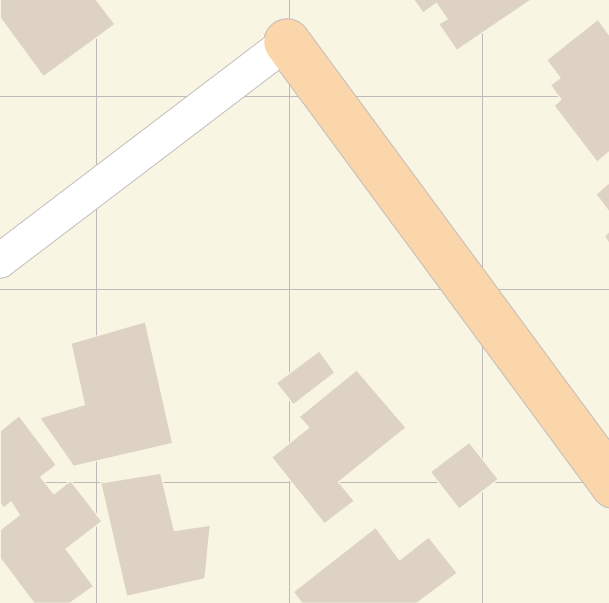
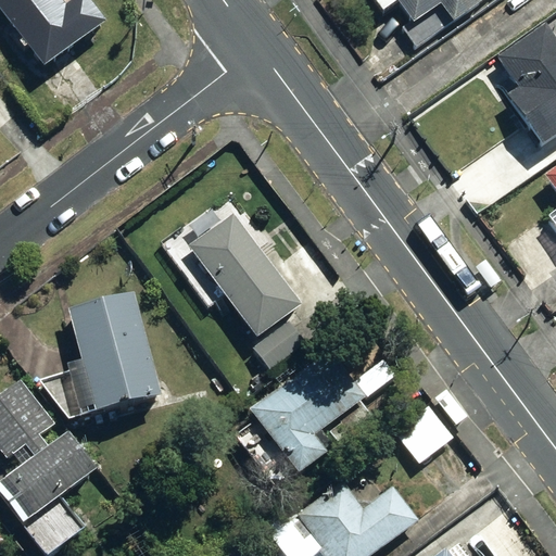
building: none -> [191,213,301,337]
building: [101,473,210,597] -> none

